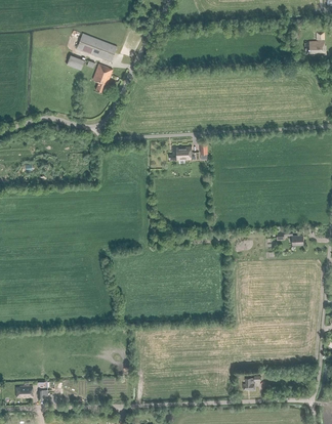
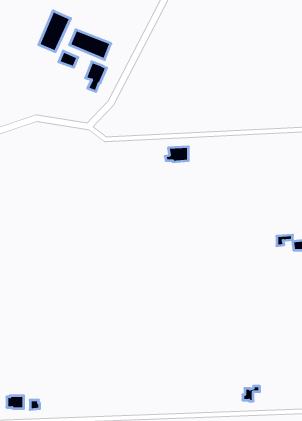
building: none -> [39,11,71,52]

